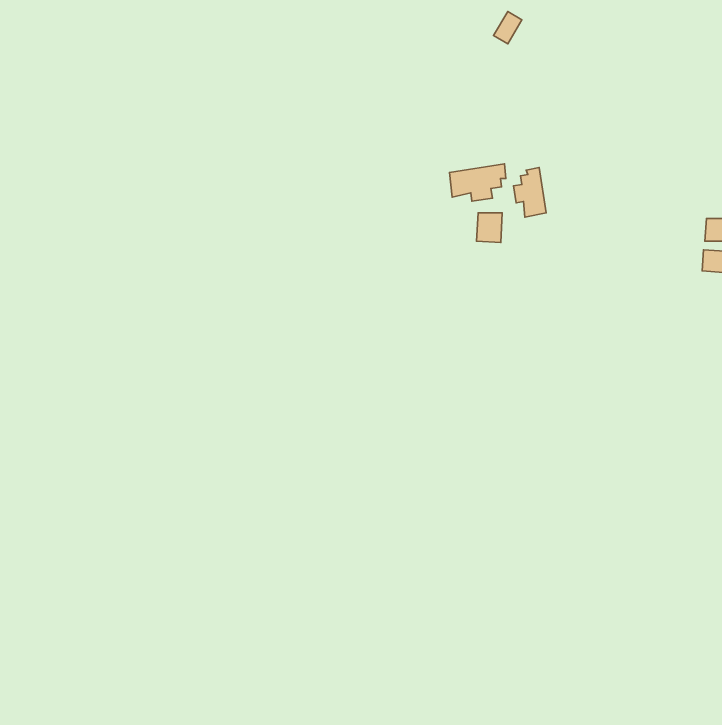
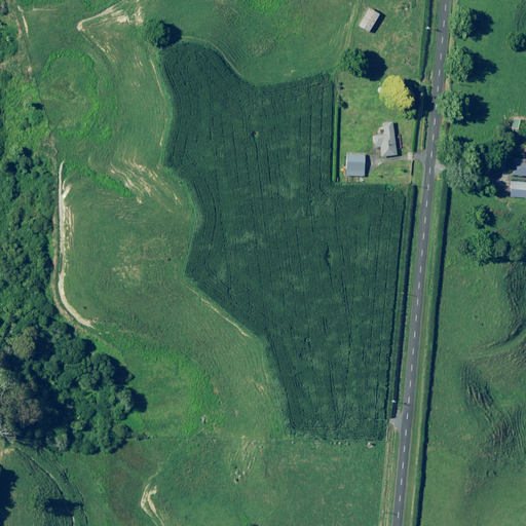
building: [449,164,506,201] -> none

